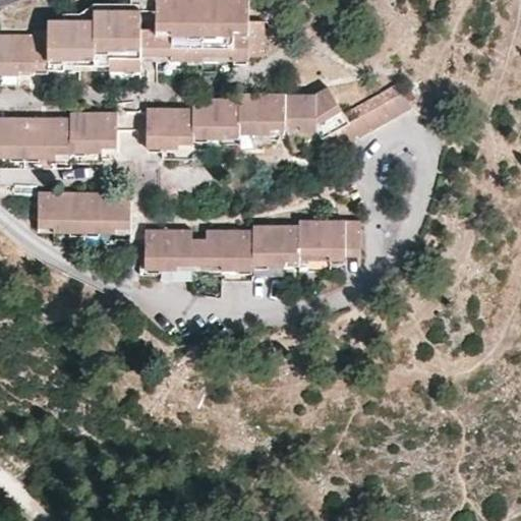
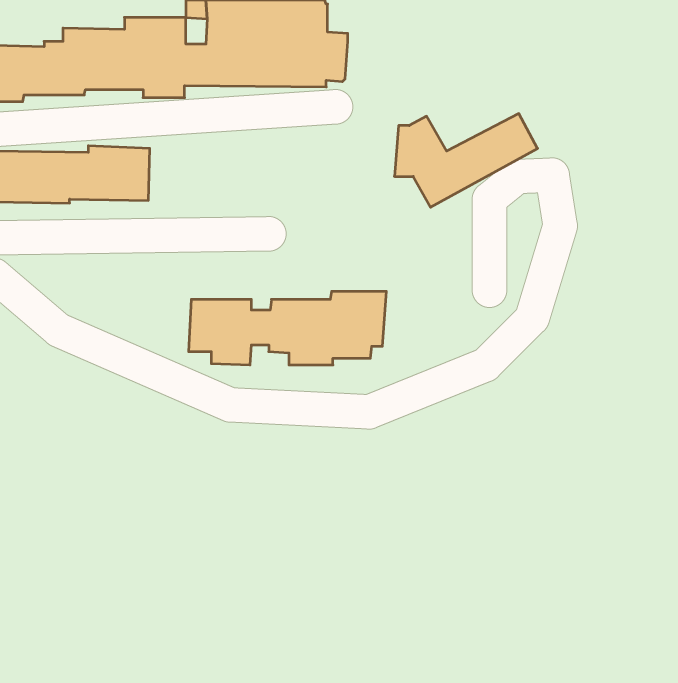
building: [144,95,303,150] -> none
building: [37,189,128,230] -> none
building: [291,219,358,264] -> none

